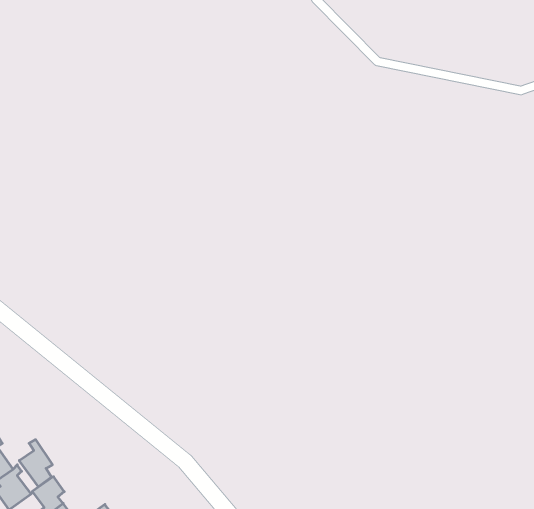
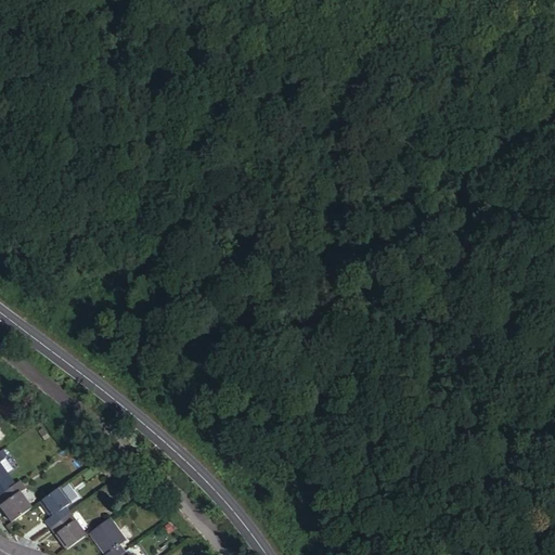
building: [19,440,52,487] -> none

